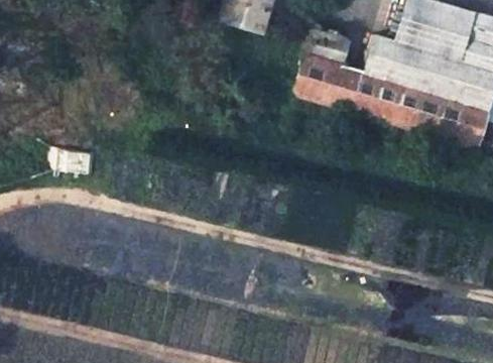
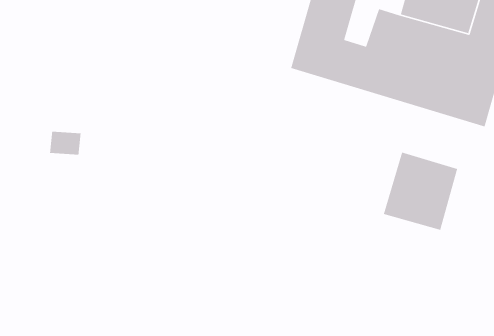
building: none -> [383,151,458,231]

